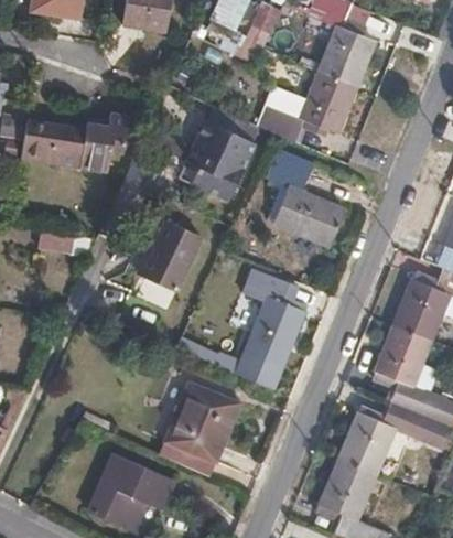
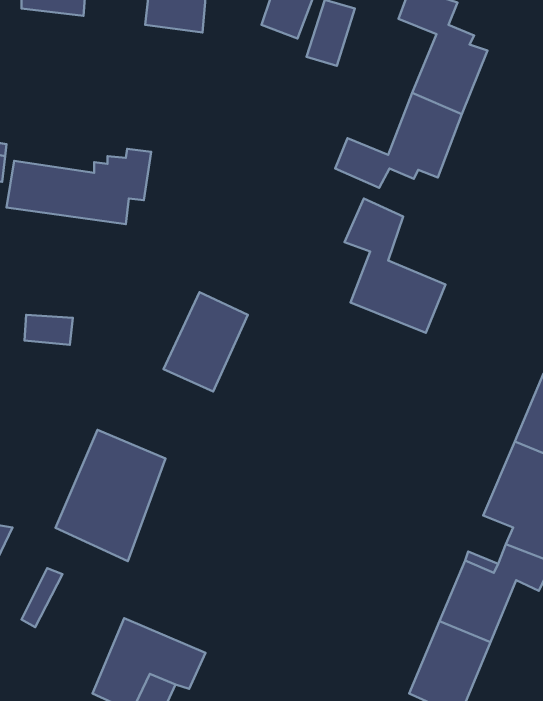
building: [185,117,258,198] -> none
building: [226,271,303,388] -> none
building: [148,376,228,472] -> [55,430,165,561]

